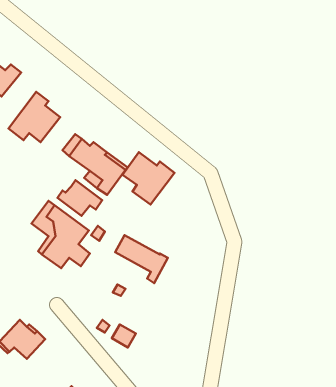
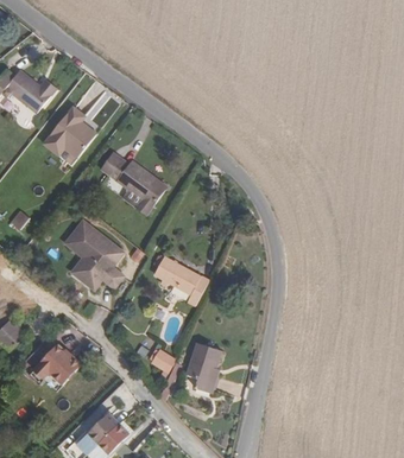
building: [123,152,174,205] -> none
building: [58,180,102,216] -> none
building: none -> [184,341,221,393]

